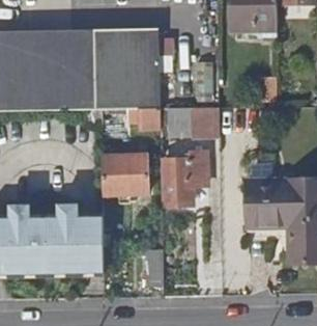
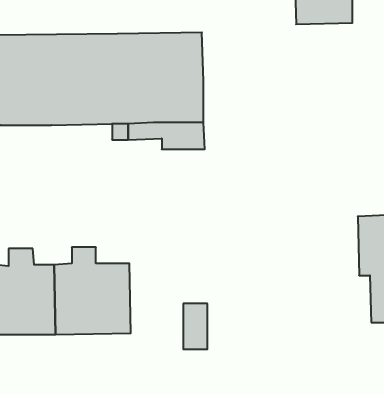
building: [161,107,220,139] -> none
building: [106,151,149,201] -> none
building: [165,153,209,201] -> none
building: [247,181,281,227] -> none

